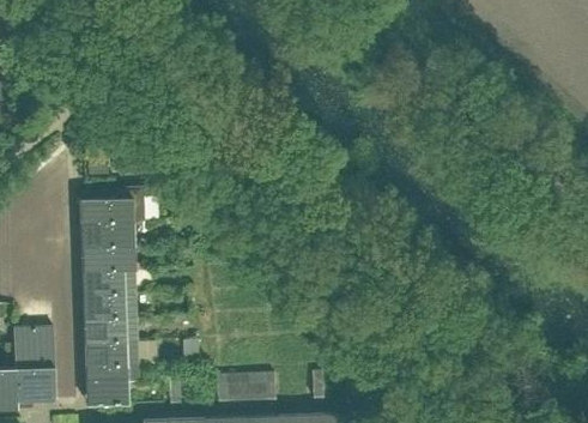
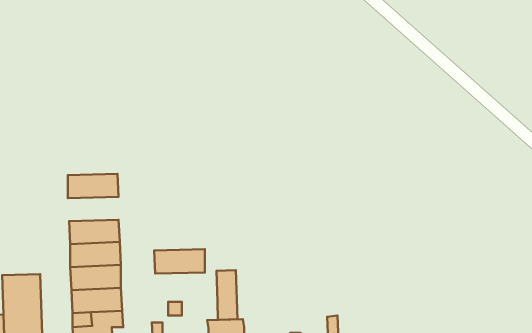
building: [80,186,145,223] -> none
building: [81,246,134,271] -> [154,249,205,273]
building: none -> [216,270,237,320]

